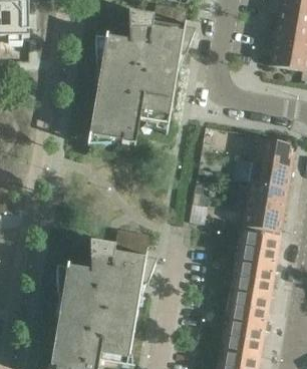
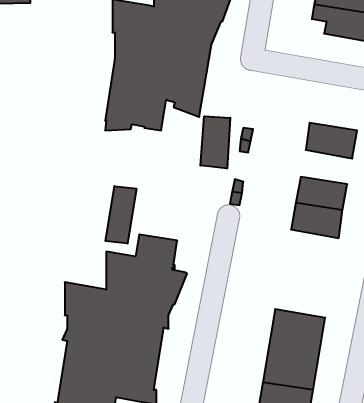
building: none -> [200,116,230,169]
building: [251,154,293,182] -> none
building: none -> [106,186,136,244]
building: [230,225,281,292] -> none

